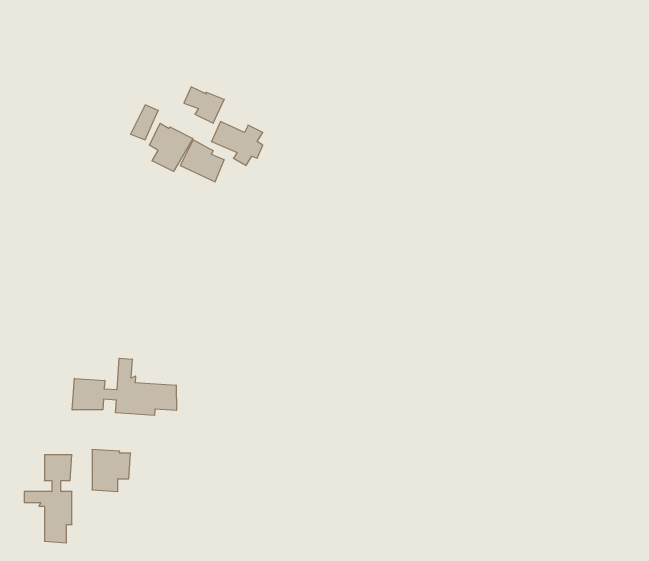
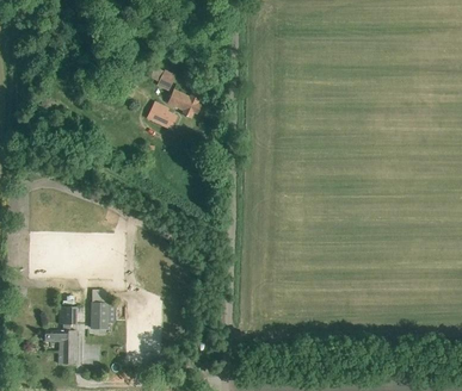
building: [149,123,193,171] -> none
building: [72,358,177,415] -> none

